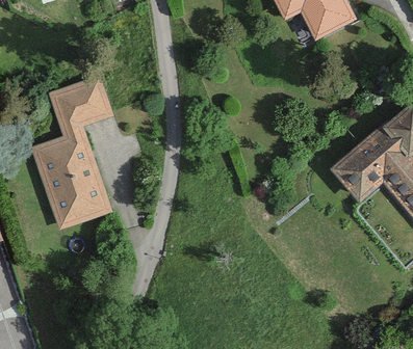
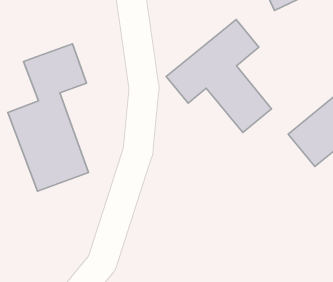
building: none -> [166,19,271,132]

